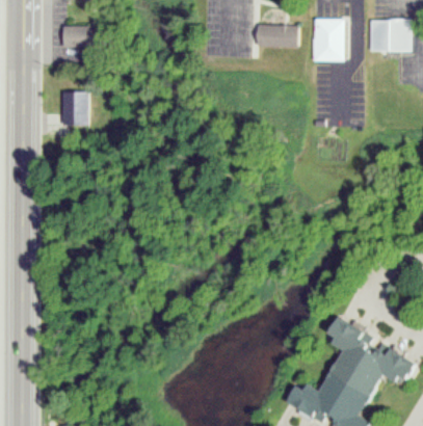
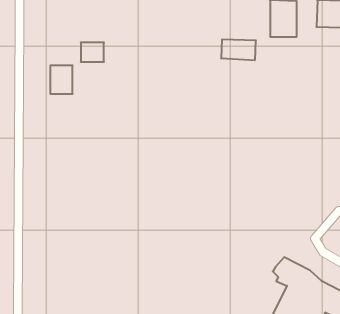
building: [263,22,303,46] -> [221,39,256,60]
building: [63,26,90,49] -> [81,42,104,62]

